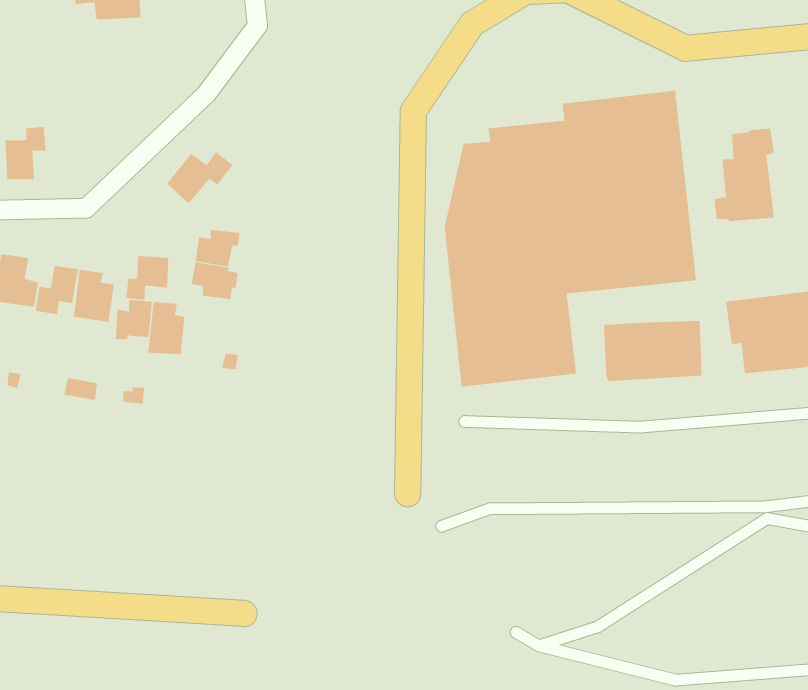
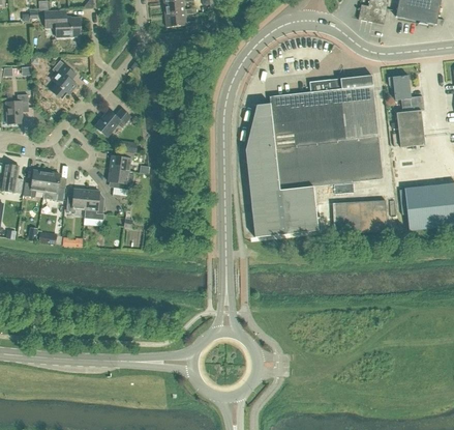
building: none -> [50,60,78,98]
building: none -> [390,75,411,99]
building: [126,255,169,301] -> none

